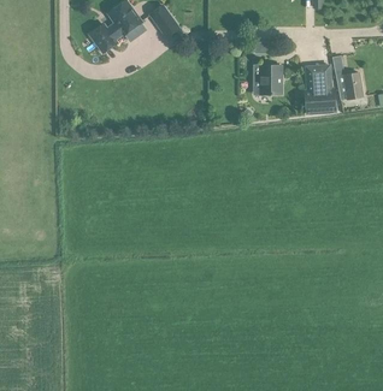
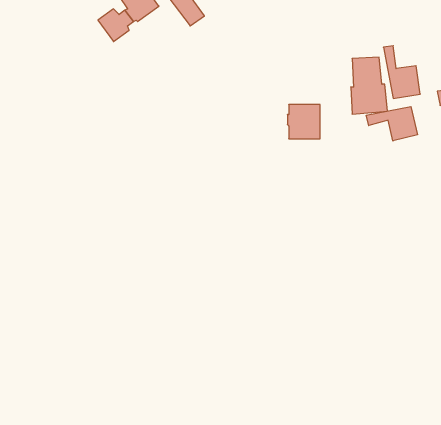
building: [254,65,282,94] -> [287,105,320,139]
building: none -> [366,107,417,141]

